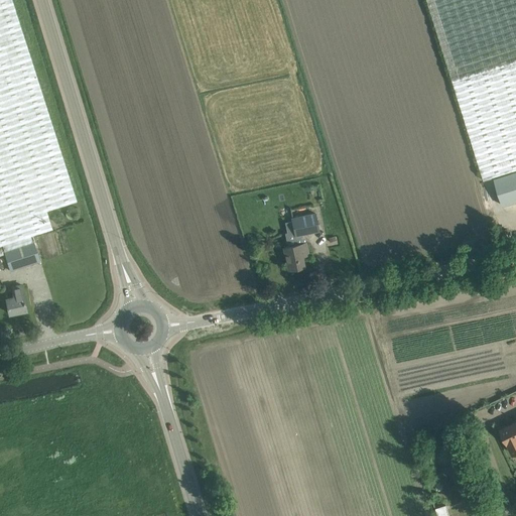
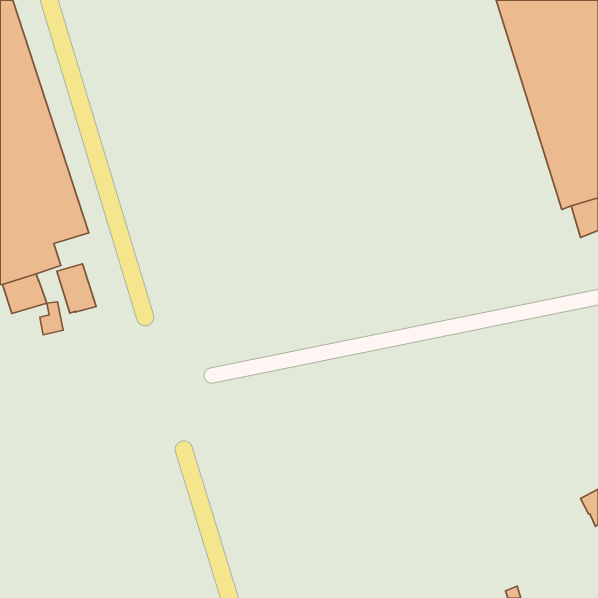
building: [283,215,317,269] -> none
building: none -> [57,264,96,313]
building: [6,285,26,313] -> [40,302,63,335]

